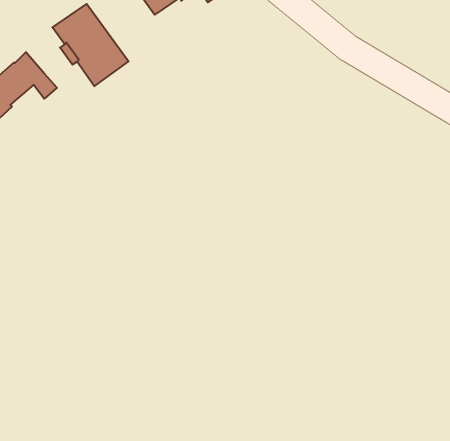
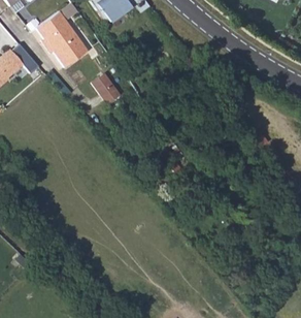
building: none -> [90,72,119,104]

